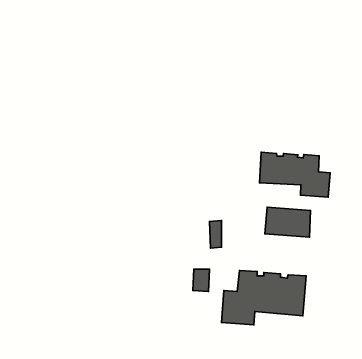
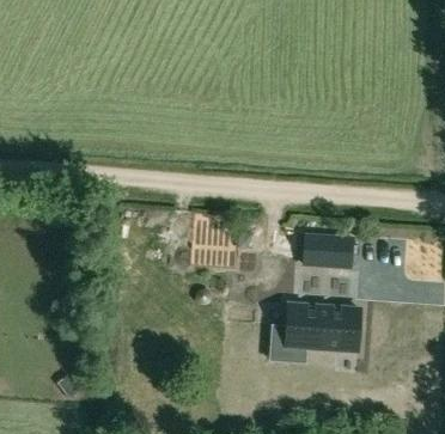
building: [259,152,330,197] -> none

